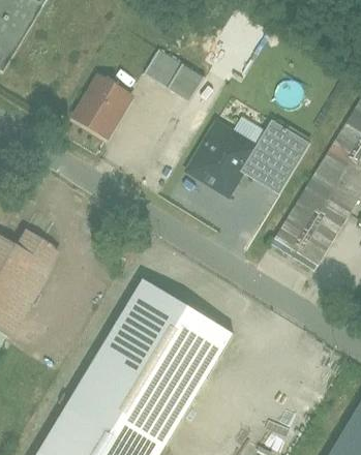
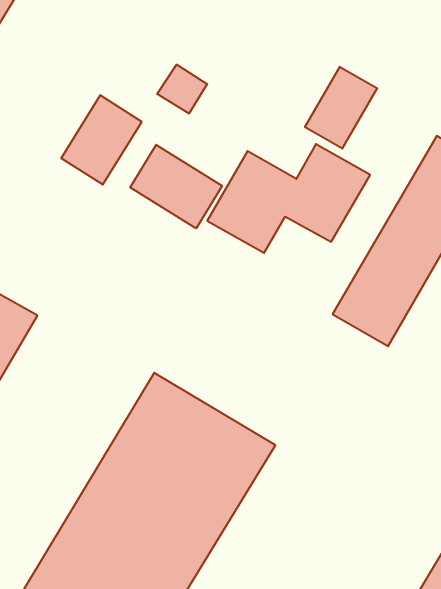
building: none -> [305,67,377,149]
building: none -> [130,145,222,228]

